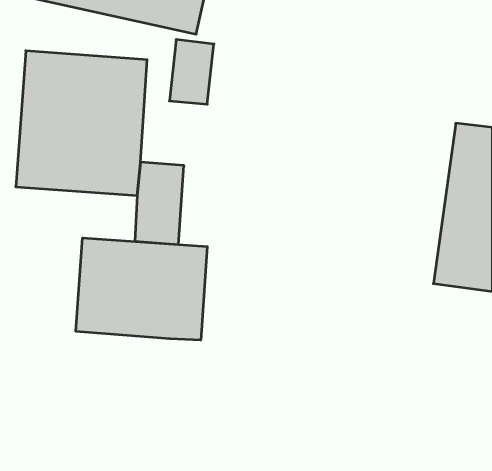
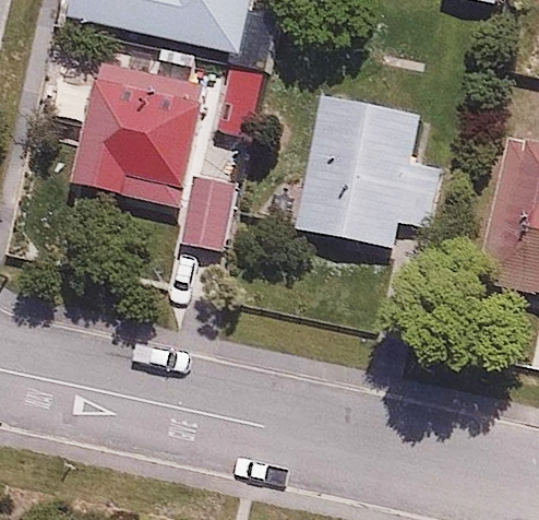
building: none -> [300,97,439,247]
building: [76,238,207,340] -> none

